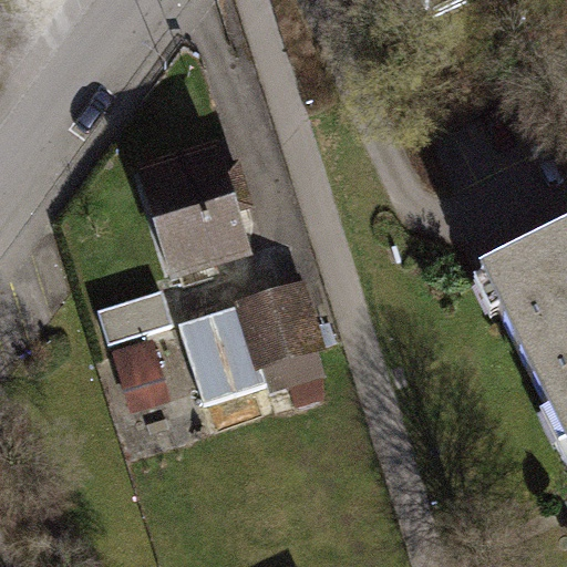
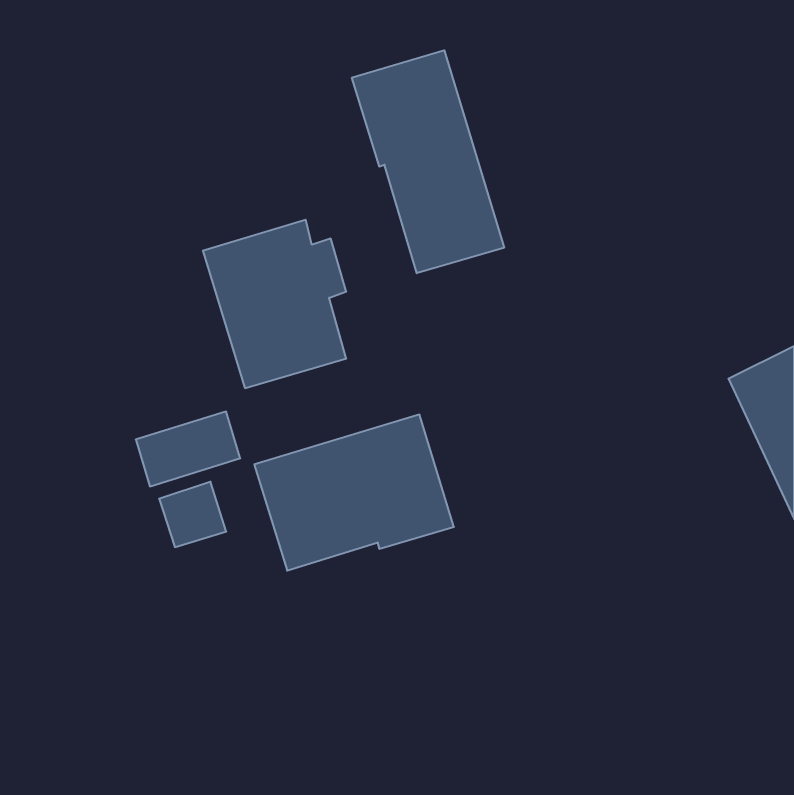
building: none -> [352,50,504,273]

